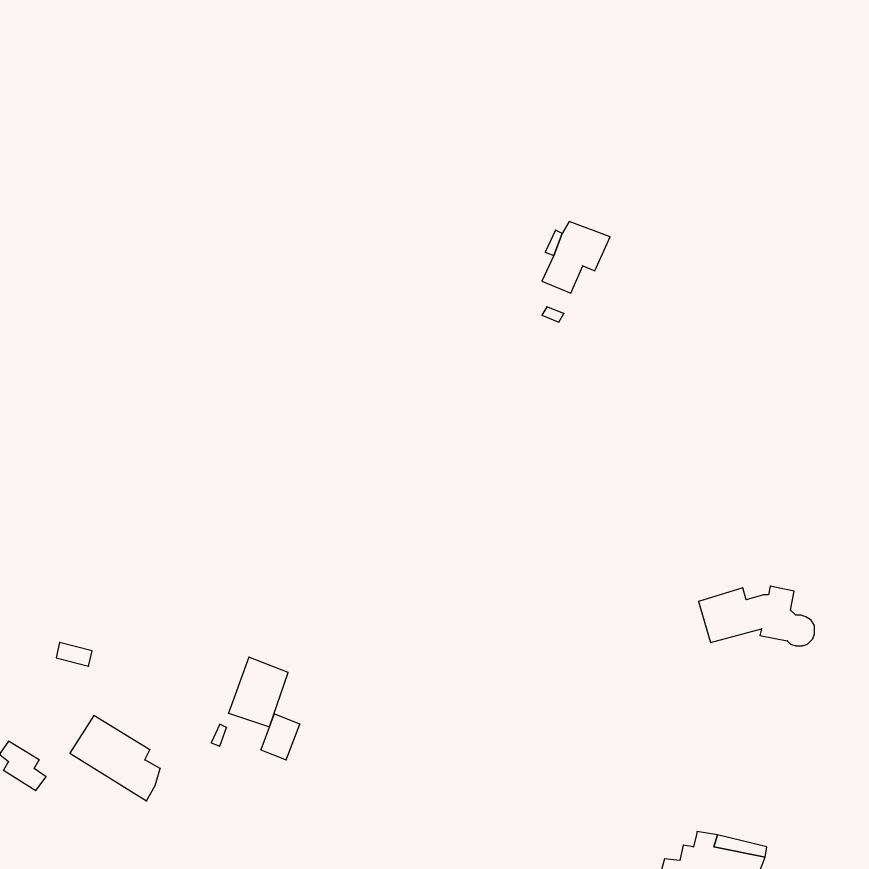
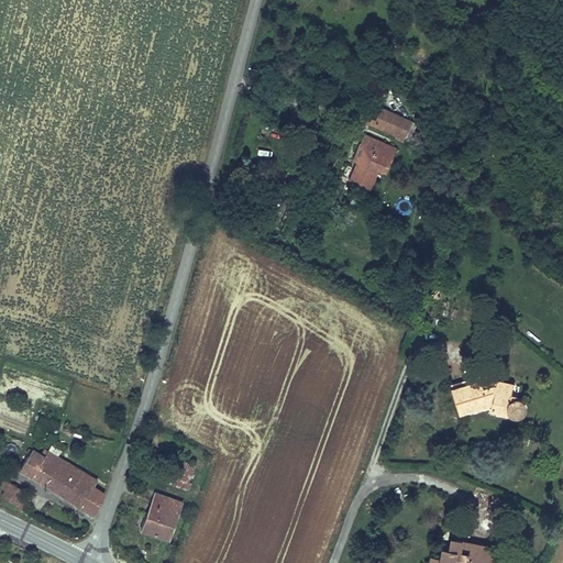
building: none -> [368,104,415,141]
building: [228,657,288,727] -> [143,496,181,541]
building: none -> [21,453,62,487]

